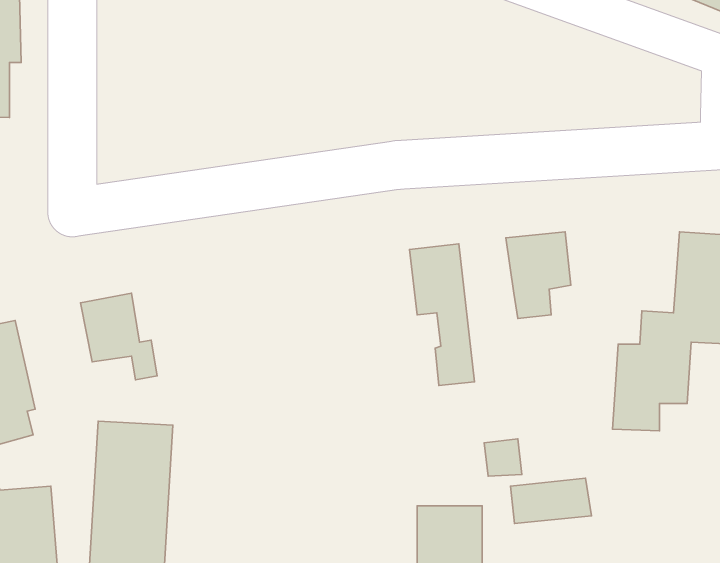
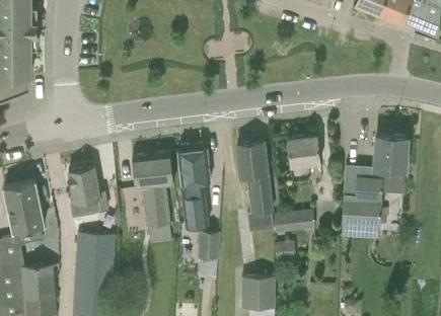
building: none -> [177,148,211,228]
building: none -> [132,152,174,244]
building: none -> [198,232,220,260]
building: [511,478,591,524] -> [274,211,315,234]

